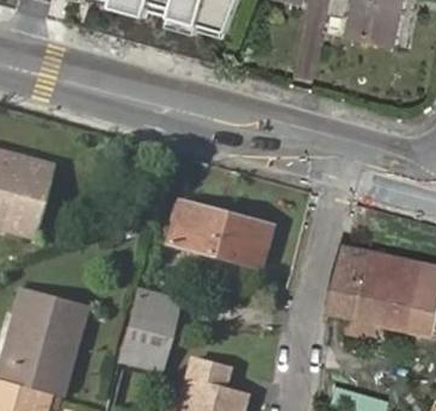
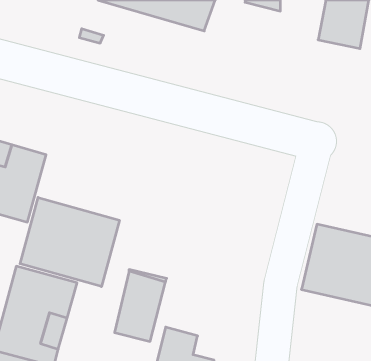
building: [170,201,272,265] -> none
building: none -> [20,197,119,287]

